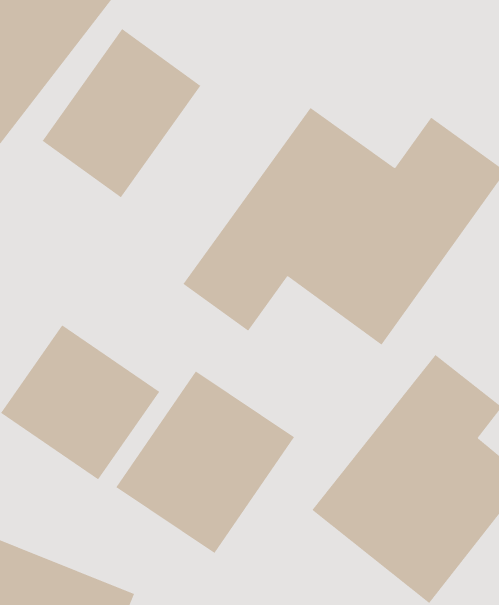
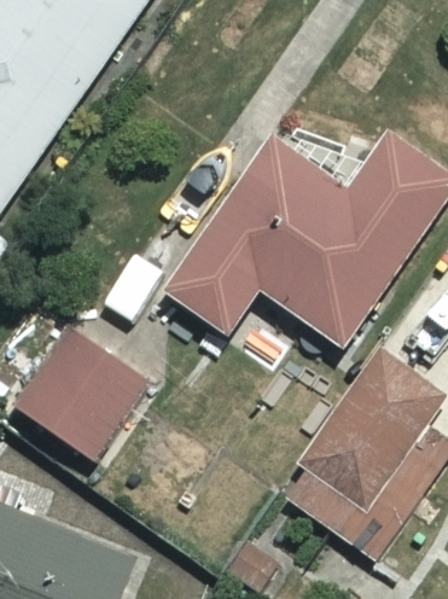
building: [42,28,201,198] -> none
building: [116,370,295,554] -> none

